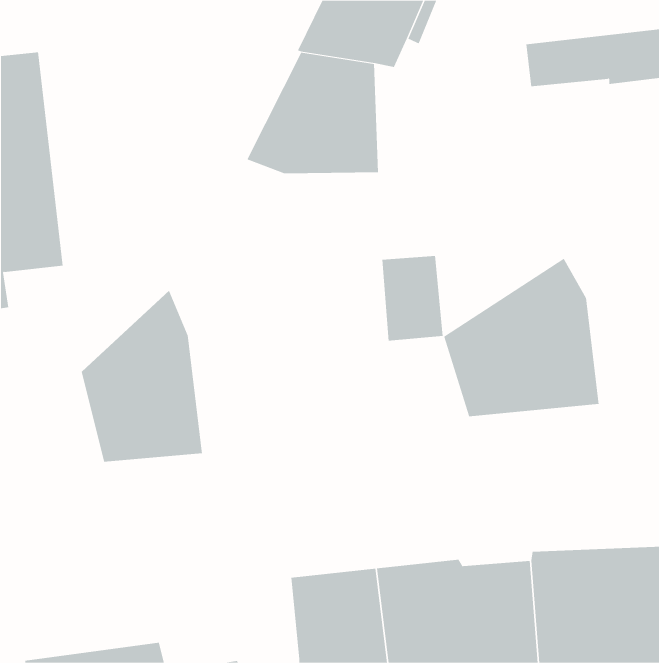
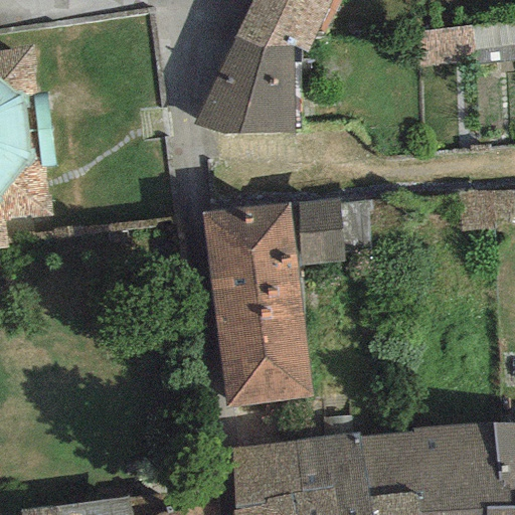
building: [444,258,599,417] -> none
building: none -> [202,203,312,407]
building: [81,290,202,463] -> none

